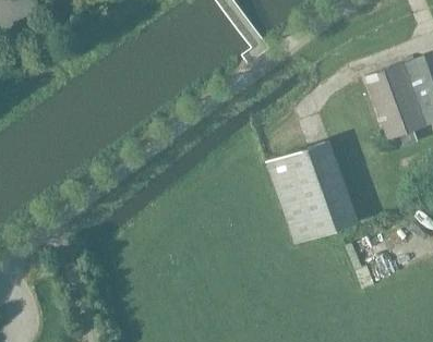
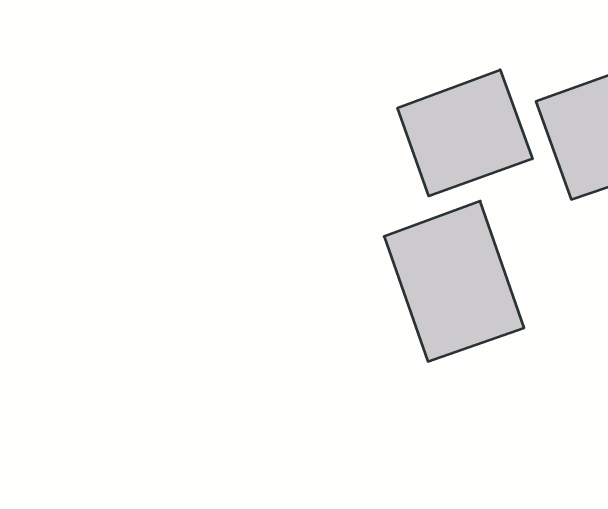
building: none -> [398,70,532,196]

